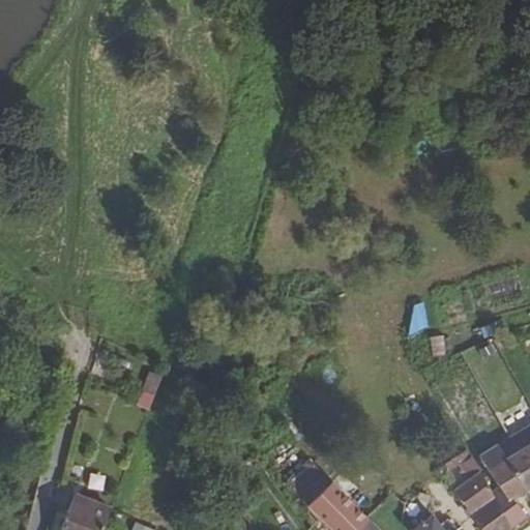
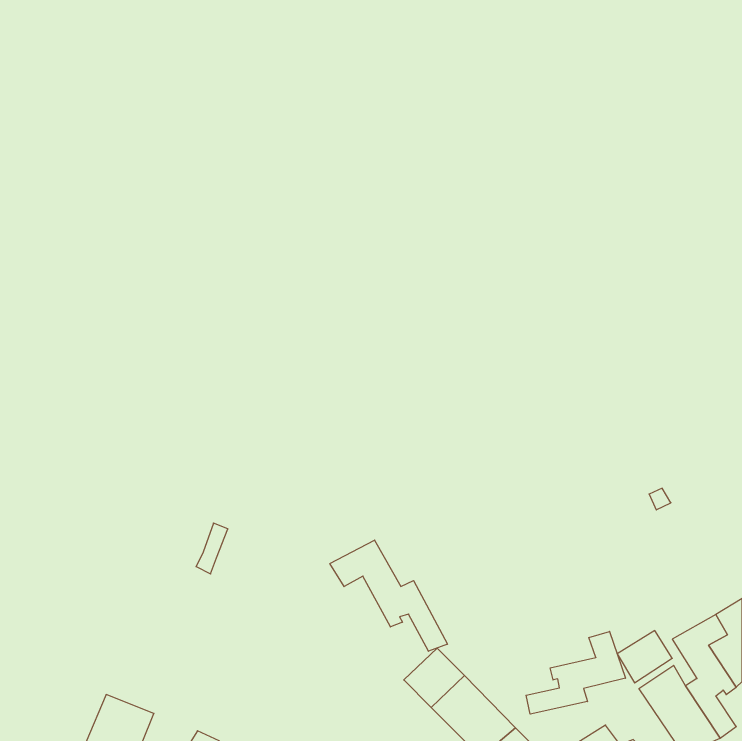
building: none -> [330,540,447,651]
building: none -> [526,631,625,714]

